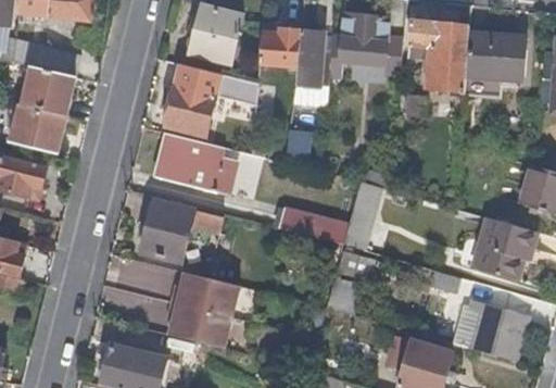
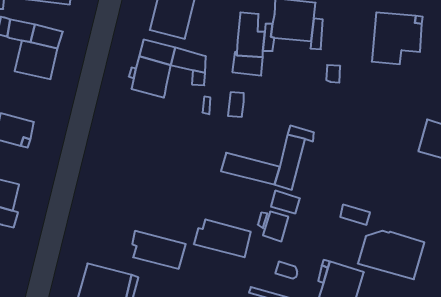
building: [405,23,467,92] -> none
building: [258,28,299,66] -> none
building: [7,103,64,153] -> none
building: [156,134,236,191] -> none
building: [140,200,223,264] -> none
building: [478,220,538,281] -> none
building: [168,272,239,318] -> [194,219,251,257]

